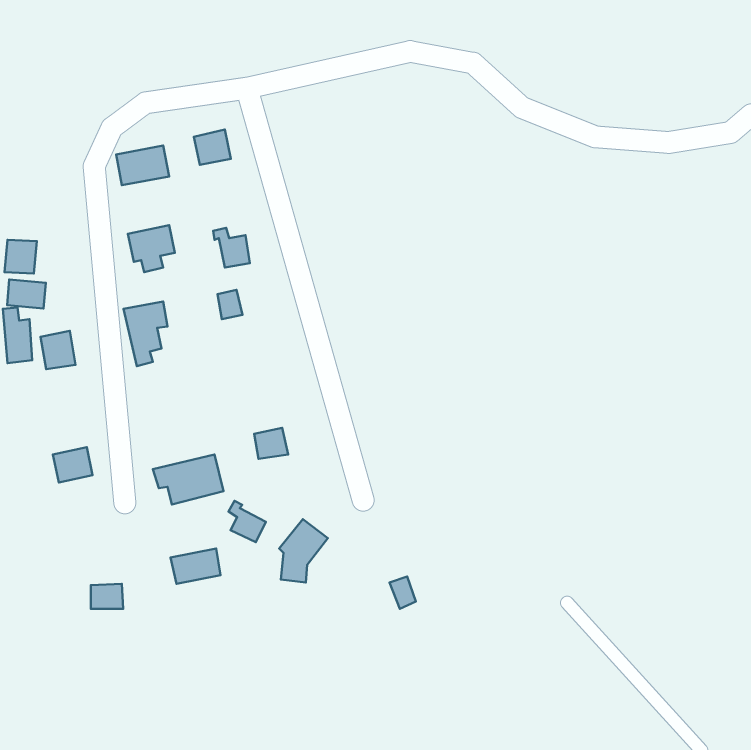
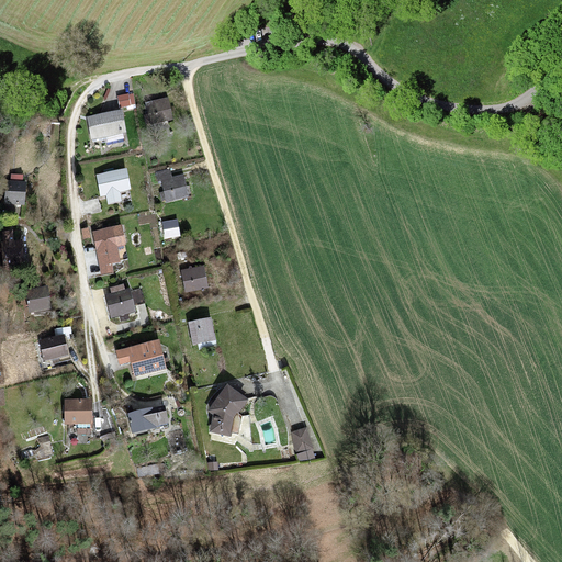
building: [7,279,46,308] -> none
building: [40,331,76,369] -> [25,284,52,313]
building: none -> [181,267,207,291]
building: none -> [104,288,134,319]
building: [228,501,266,542] -> none
building: [91,584,123,609] -> [65,403,89,422]

